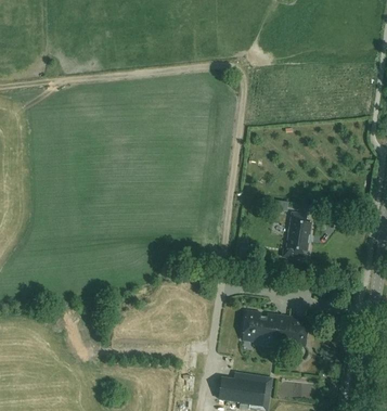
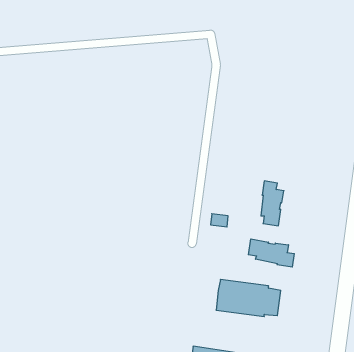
building: none -> [248,239,294,267]

